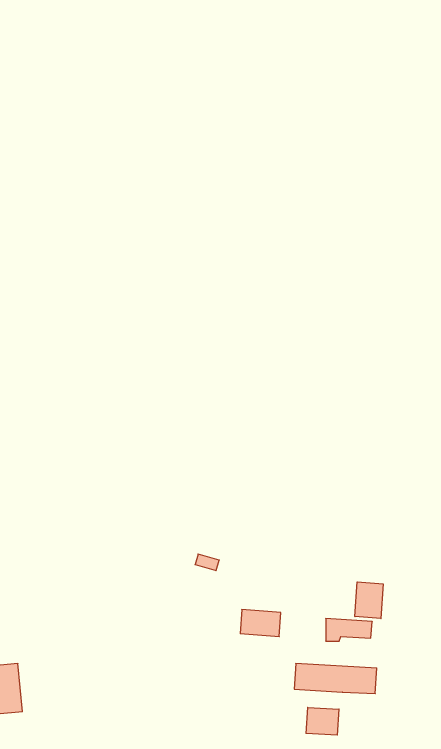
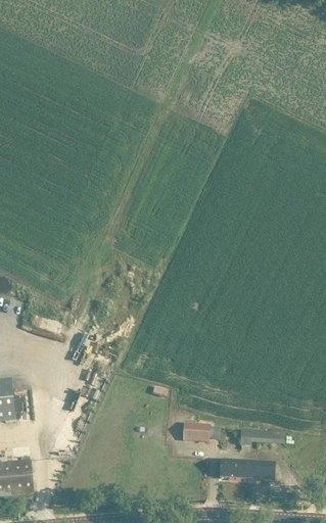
building: [355,582,383,619] -> none
building: [306,707,339,735] -> none

